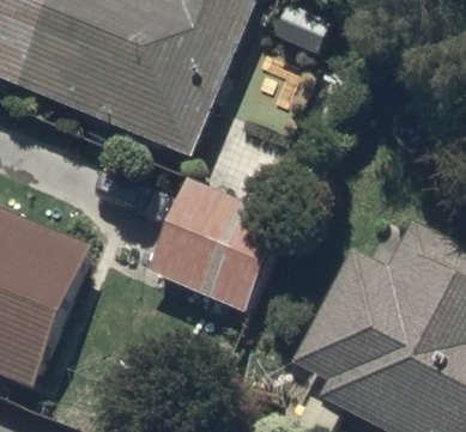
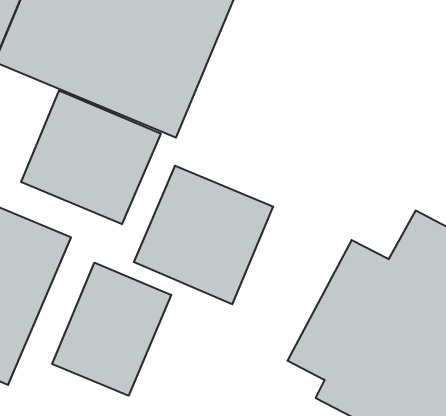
building: none -> [21,90,161,224]
building: none -> [52,263,171,396]

